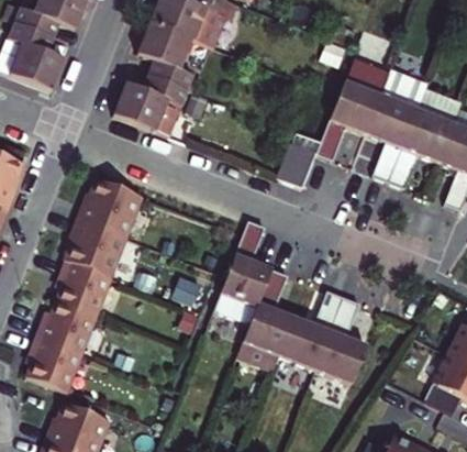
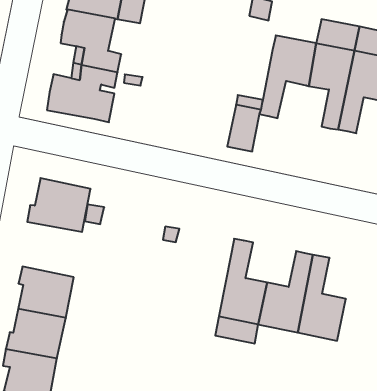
building: [345,59,391,96] -> none
building: [65,218,127,278] -> none
building: [221,220,271,306] -> none

